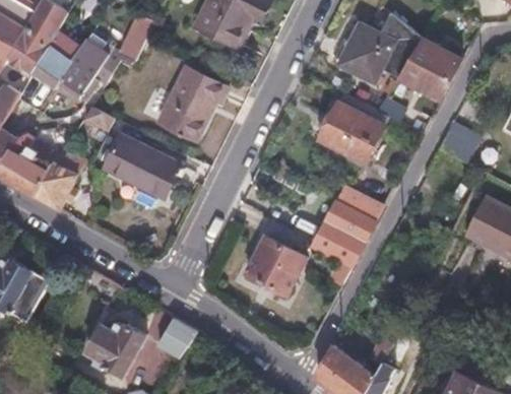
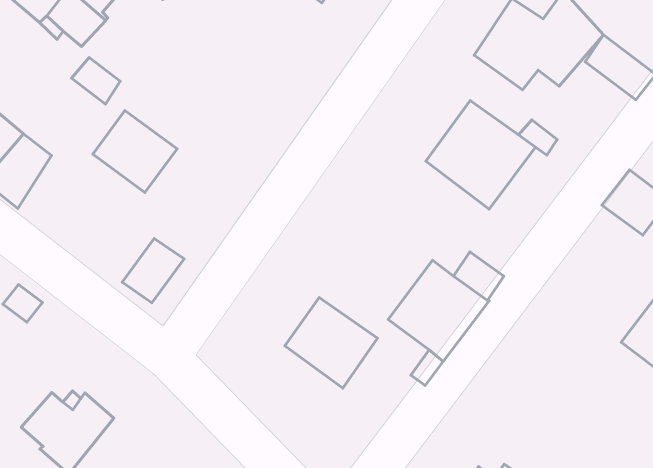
building: [401,59,448,98] -> none
building: [158,69,226,140] -> none
building: [141,156,179,198] -> [122,238,184,303]
building: [156,318,197,358] -> none

